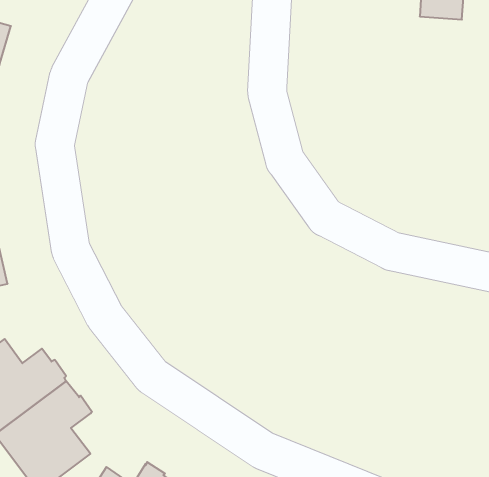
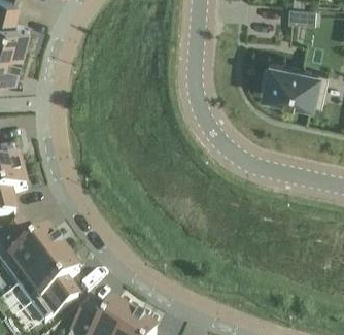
building: none -> [260,60,320,107]

